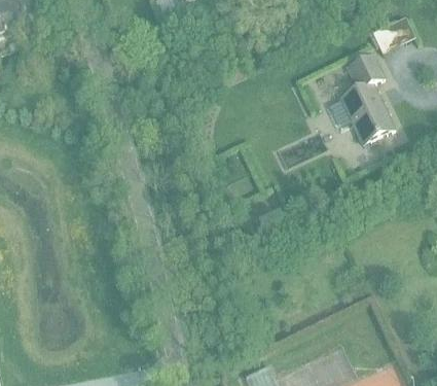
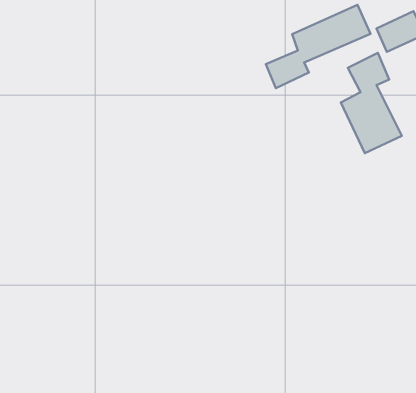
building: none -> [266,5,370,88]

